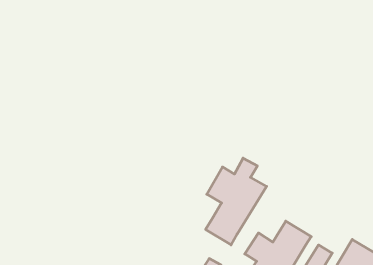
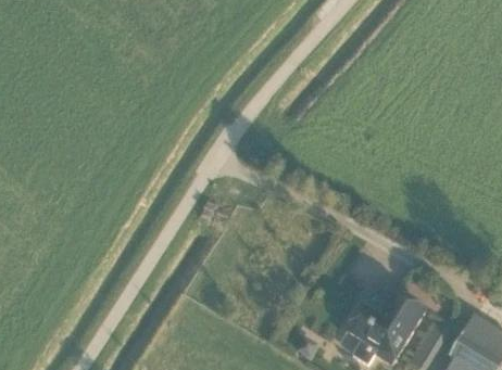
building: [206,158,267,245] -> none

